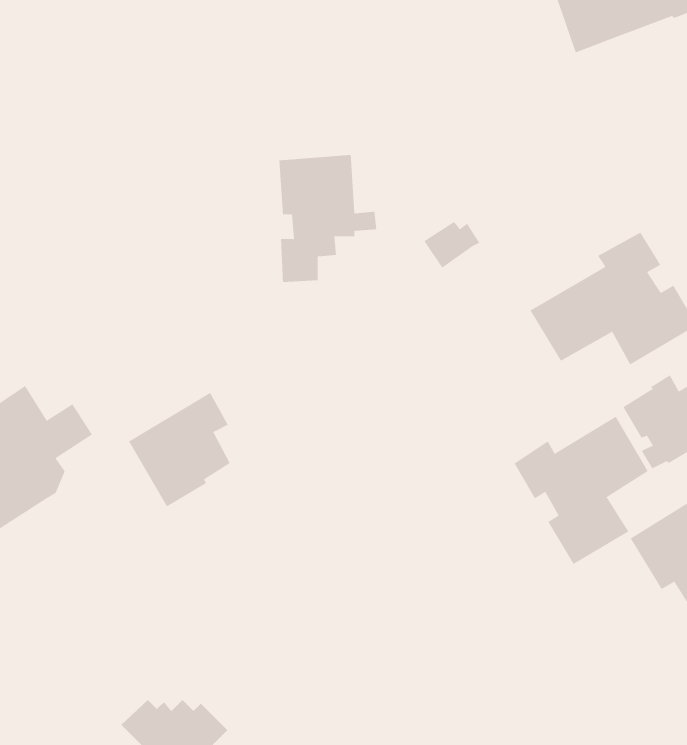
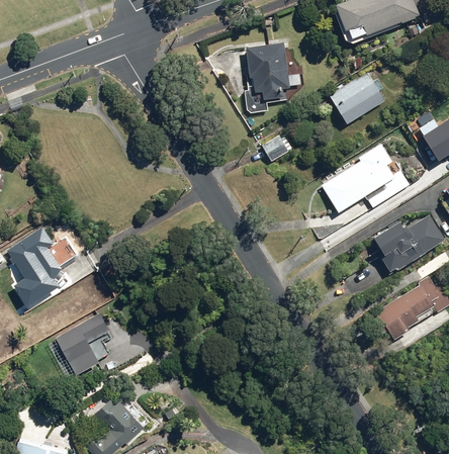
building: none -> [329,73,384,124]
building: [278,155,377,282] -> [245,43,299,114]
building: [128,392,230,507] -> [54,312,110,376]
building: [514,416,648,565] -> none

